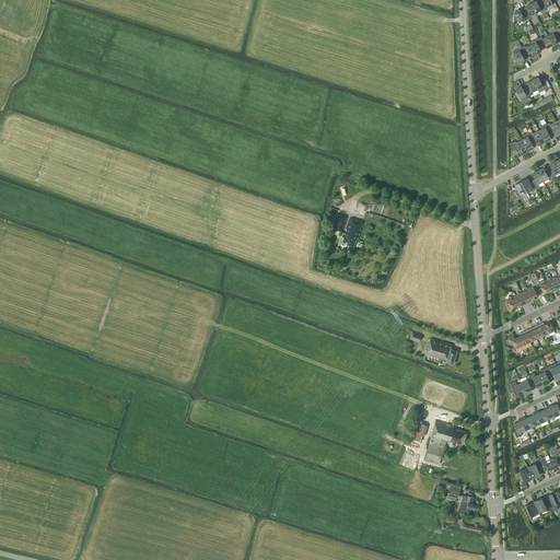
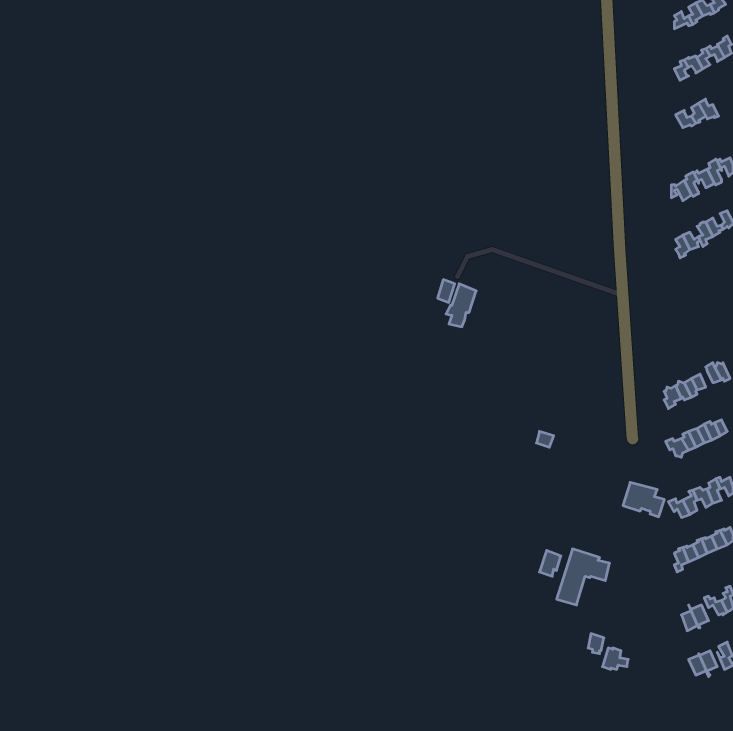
building: [425,337,457,363] -> [623,482,664,517]

